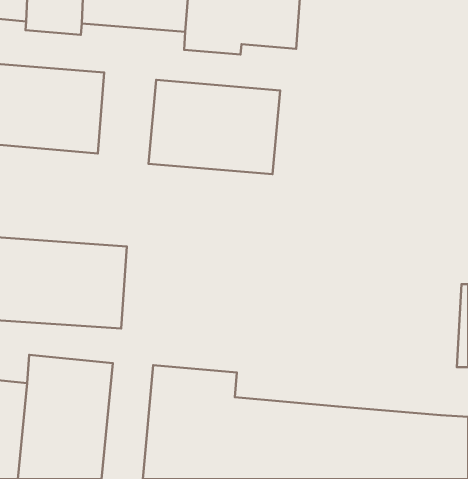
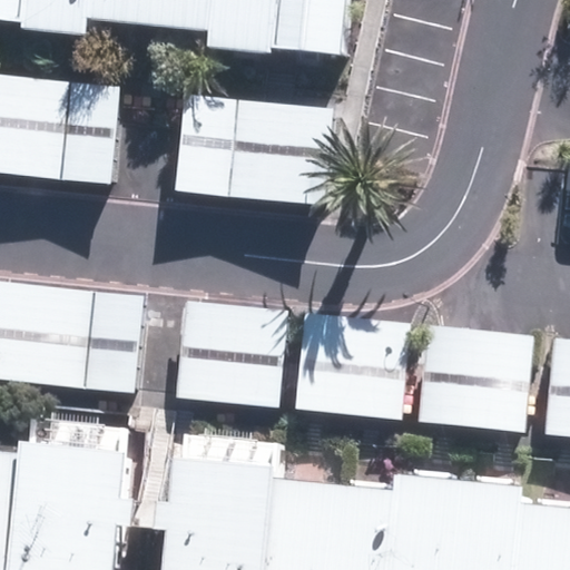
building: none -> [174,298,287,409]
building: none -> [297,317,404,415]
building: none -> [412,327,531,432]

